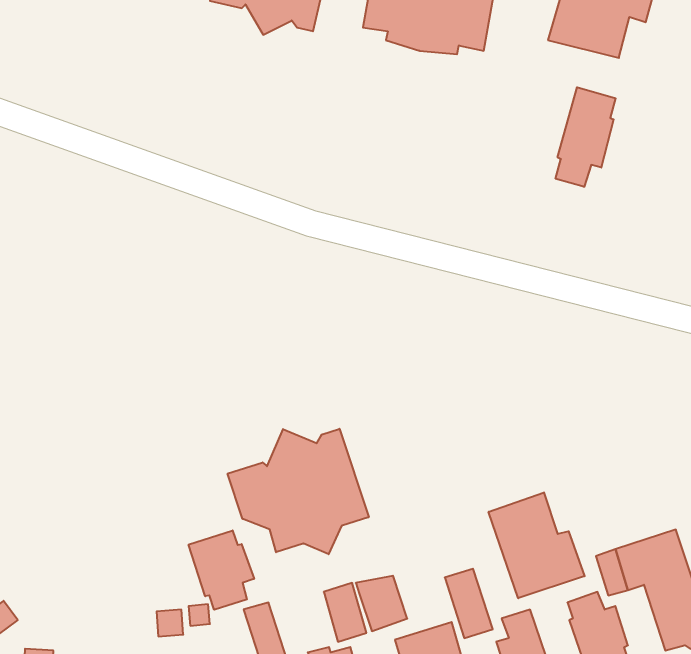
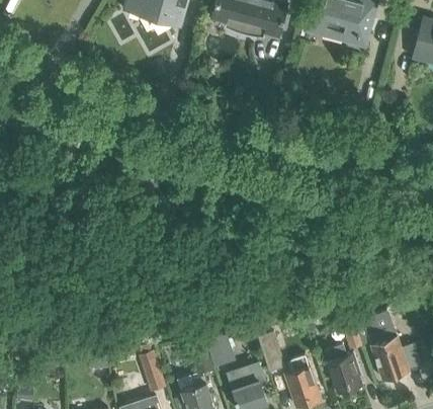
building: [556,87,616,187] -> none
building: [228,429,369,554] -> none
building: [489,492,585,598] -> none
building: [189,530,254,610] -> none

